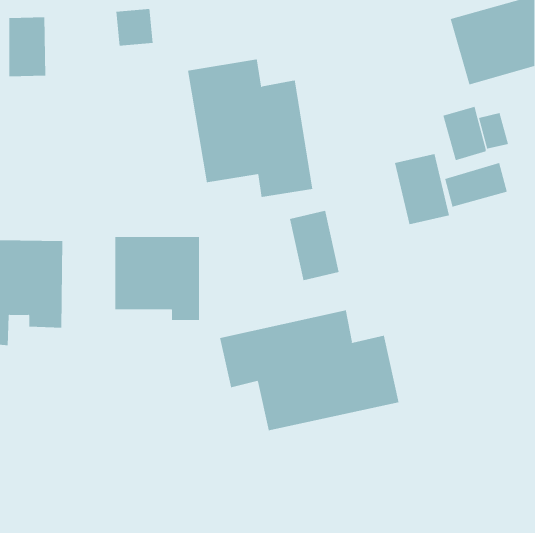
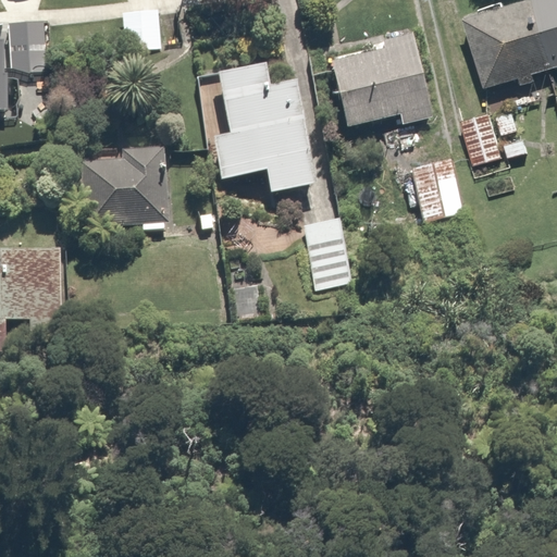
building: none -> [325,29,437,131]
building: [444,162,507,208] -> none
building: [115,236,200,320] -> [79,143,168,230]
building: [219,309,399,431] -> none

